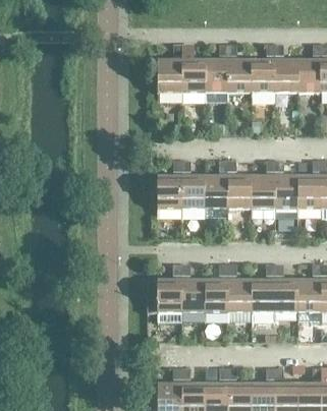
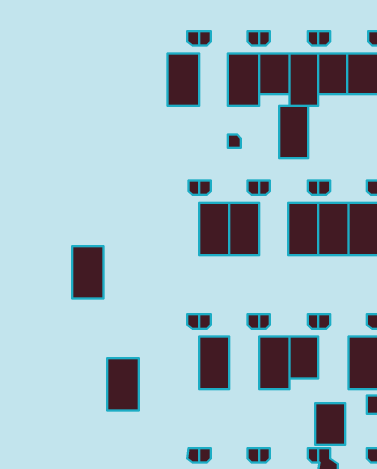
building: [181,59,204,100] -> [279,106,308,158]
building: [157,175,181,216] -> [72,246,104,299]
building: [228,175,251,207] -> none
building: [157,279,181,319] -> [107,358,139,411]
building: [205,279,228,319] -> none
building: [274,279,297,311] -> [315,403,345,445]

